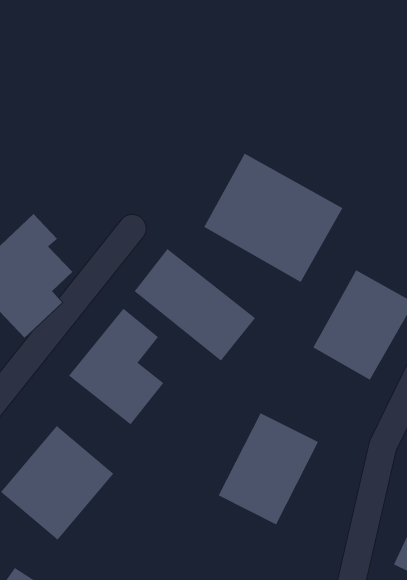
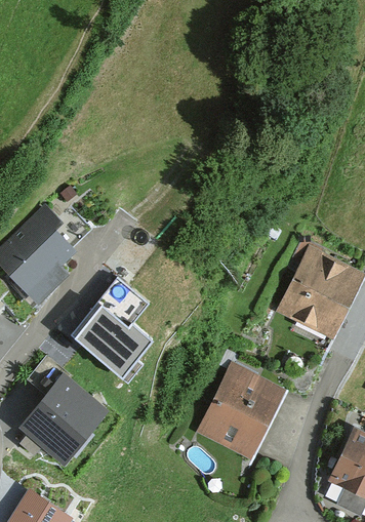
building: [203,153,343,283] -> none
building: [134,248,256,361] -> none

